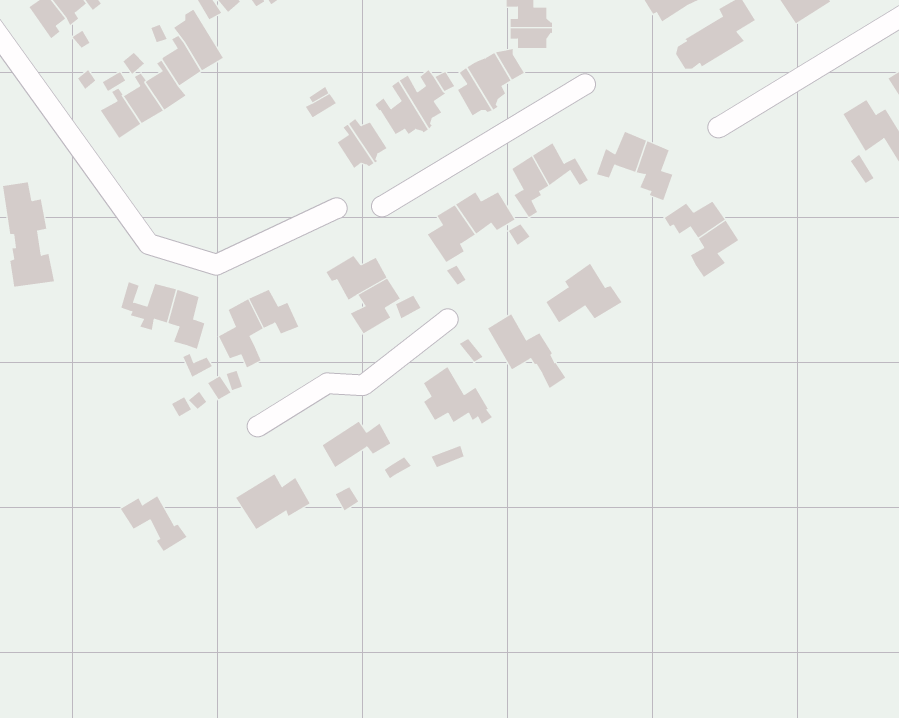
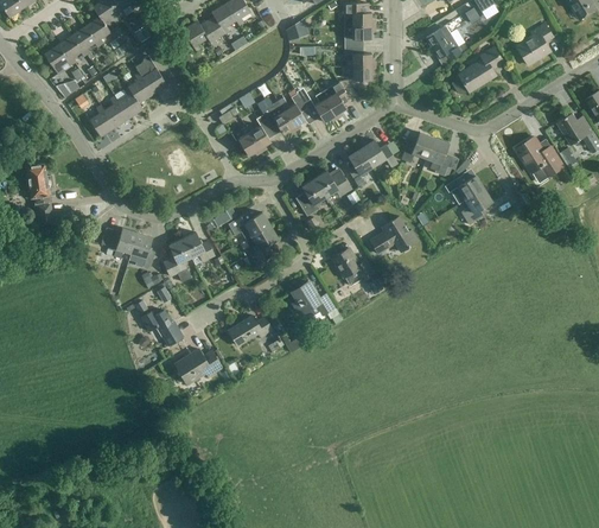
building: none -> [516,135,563,176]
building: [120,496,188,552] -> [140,308,183,344]

